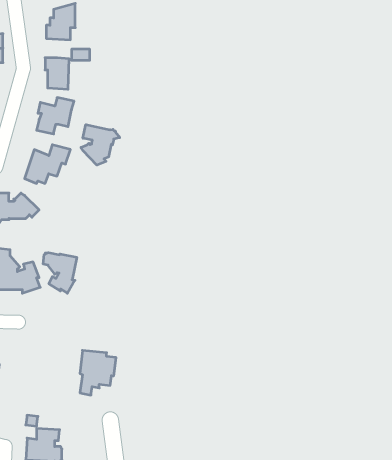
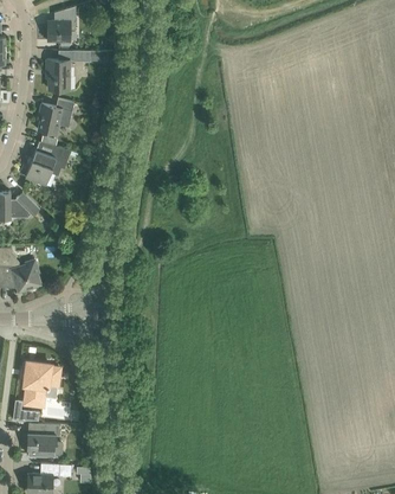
building: [81,125,120,165] -> none
building: [43,253,77,293] -> none
building: [80,350,116,395] -> [25,361,60,405]

